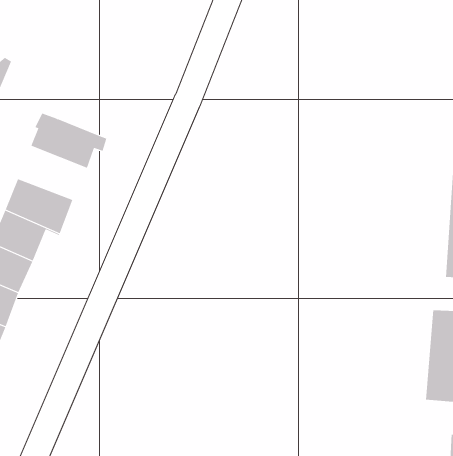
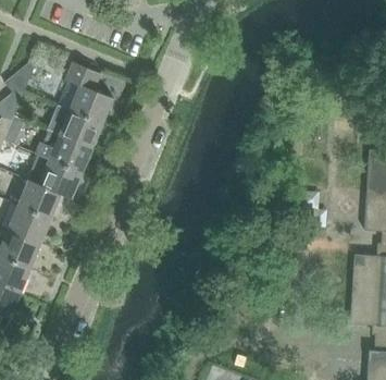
building: none -> [64,61,112,121]
building: none -> [36,128,92,170]

